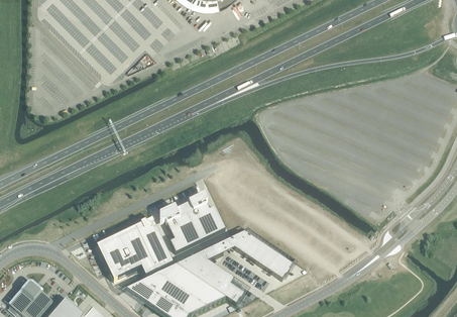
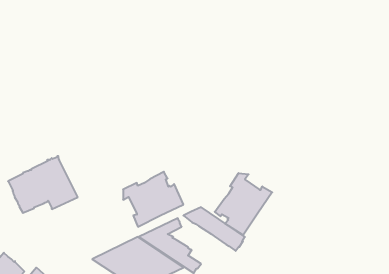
building: none -> [215,173,272,235]
building: [98,217,174,279] -> [8,156,78,213]

